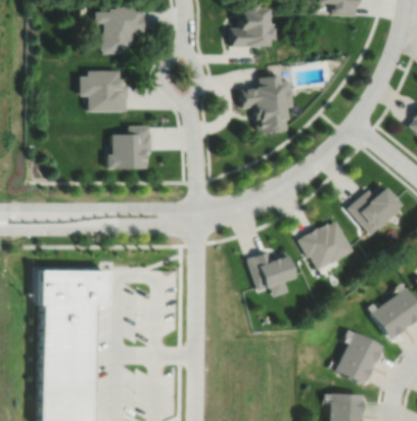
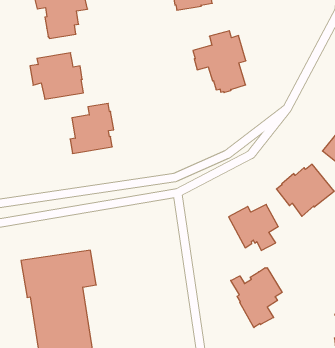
building: none -> [231,268,282,328]

